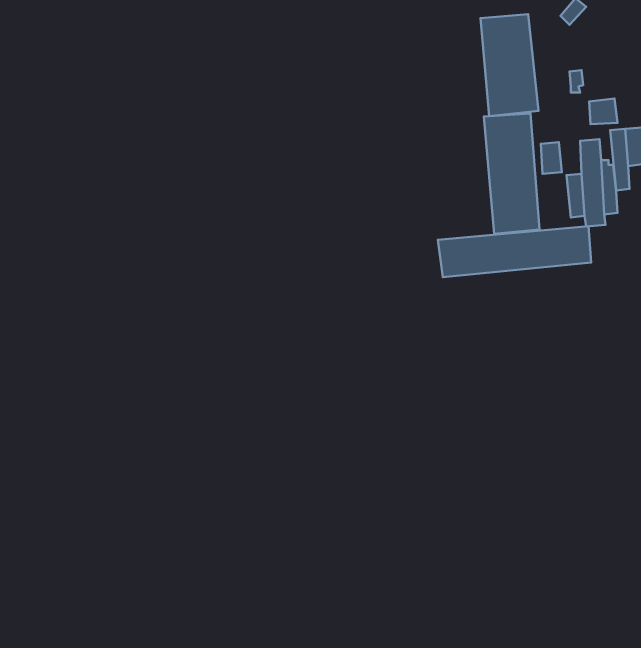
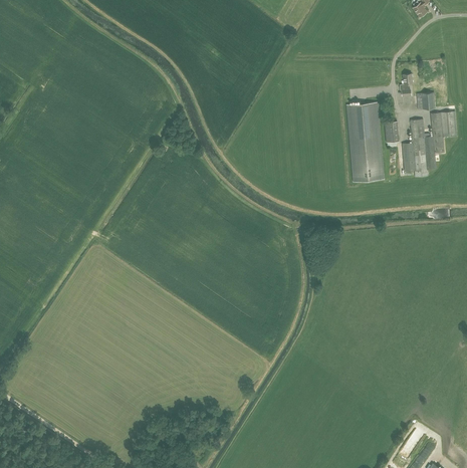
building: [480,14,538,116] -> none
building: [438,226,591,277] -> none

